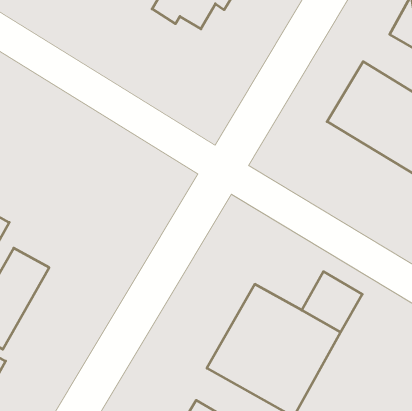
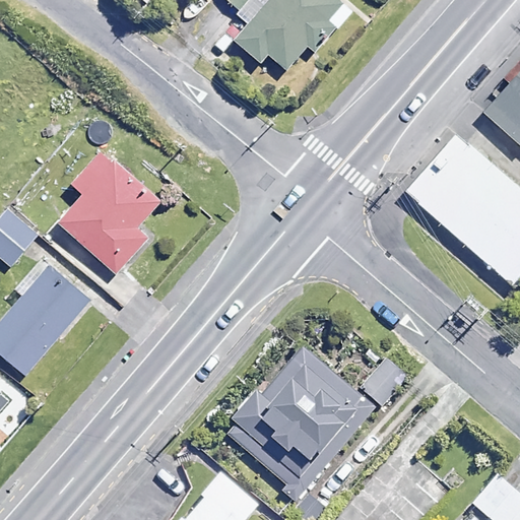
building: none -> [55,153,172,271]

